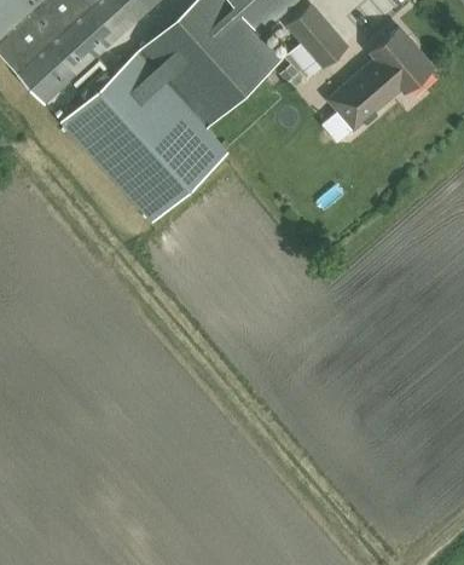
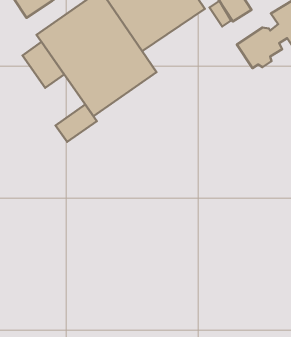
building: none -> [23,42,64,88]
building: none -> [55,105,97,142]

